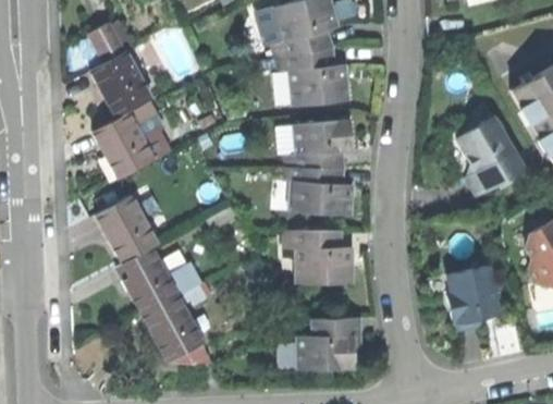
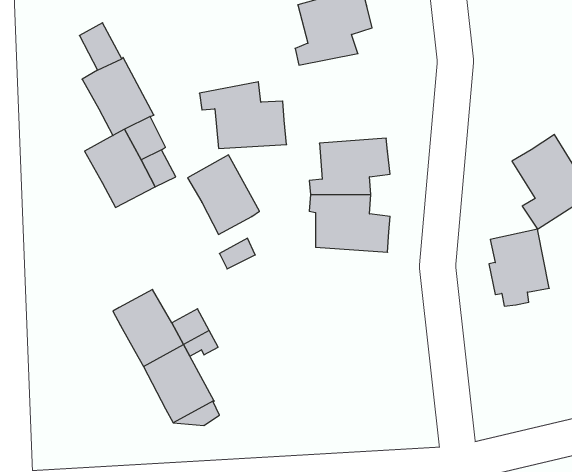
building: [275,48,349,105] -> [199,82,287,148]
building: [97,196,158,264] -> [188,155,259,234]
building: [284,231,354,285] -> none
building: [446,266,497,331] -> [489,229,549,306]
building: [297,318,361,370] -> none

